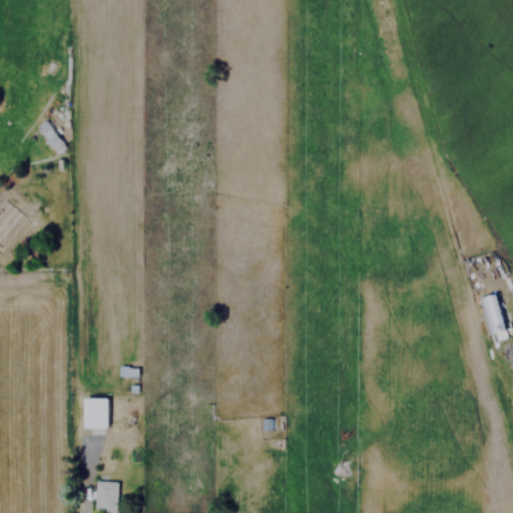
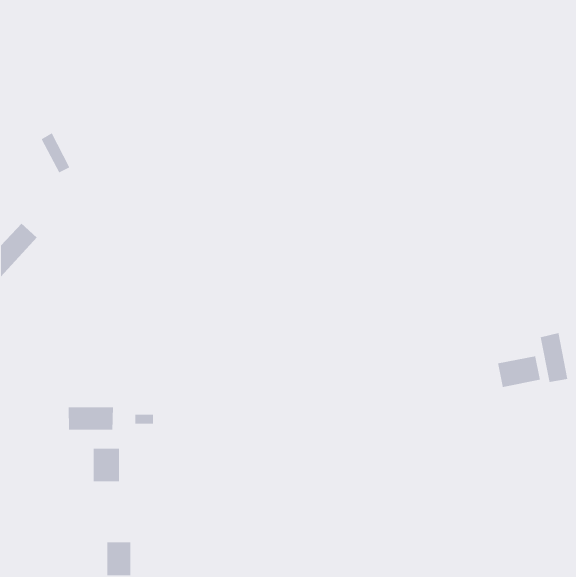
building: none -> [498,355,540,388]
building: none -> [68,407,113,430]

